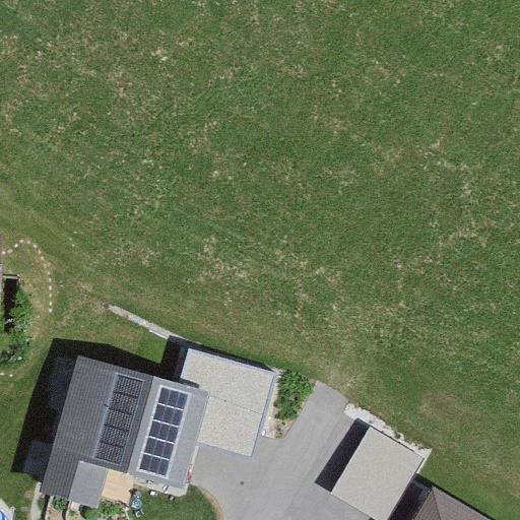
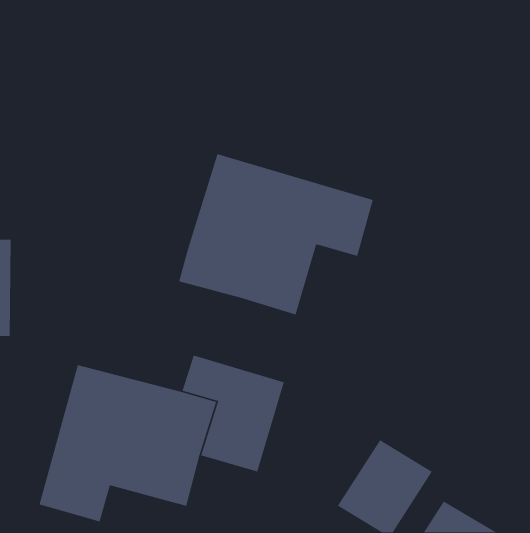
building: none -> [178,153,374,315]

